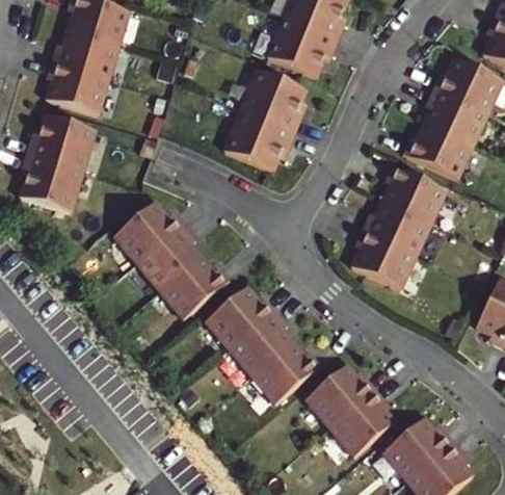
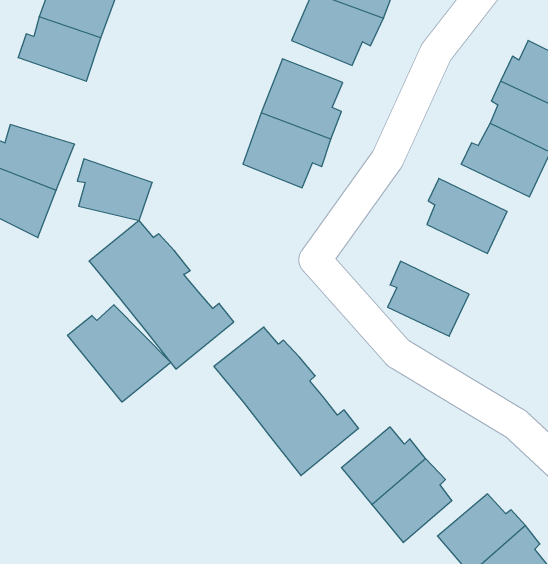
building: [46,71,105,120] -> [77,159,152,221]
building: [353,203,422,258] -> none
building: none -> [68,305,171,402]

